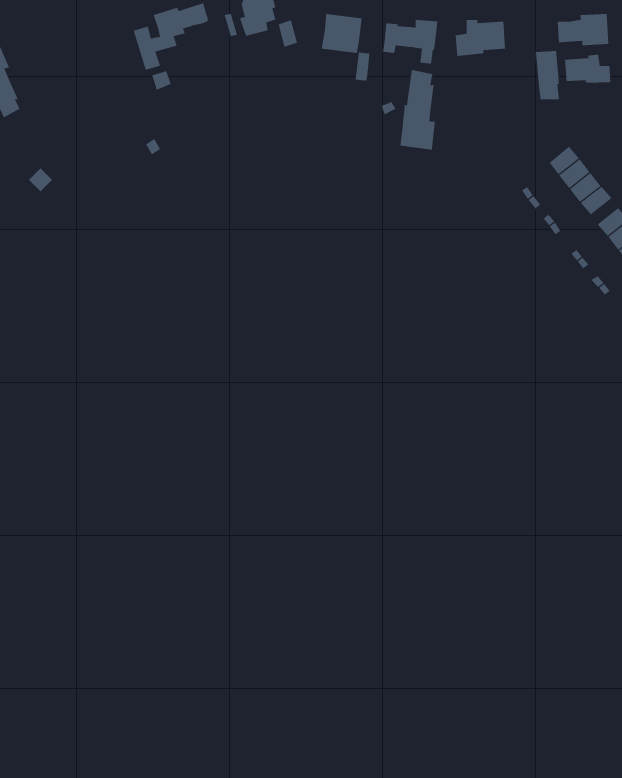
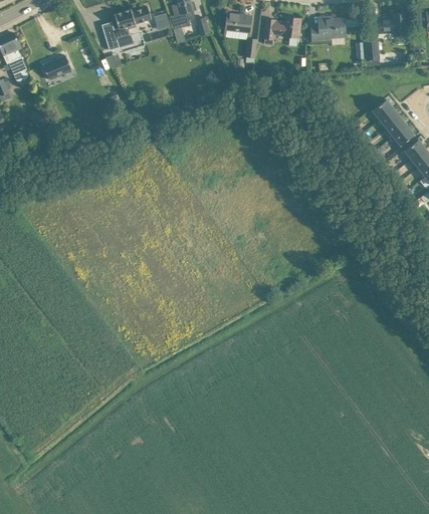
building: [564,54,611,83] -> none
building: [400,69,435,151] -> none
building: none -> [44,52,72,77]

